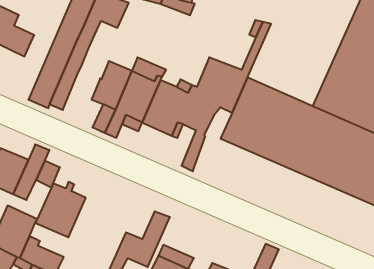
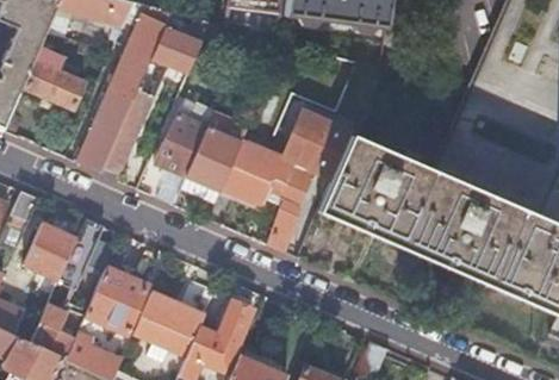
building: none -> [135,281,213,354]

